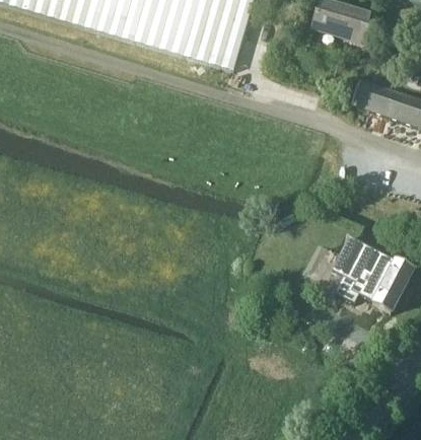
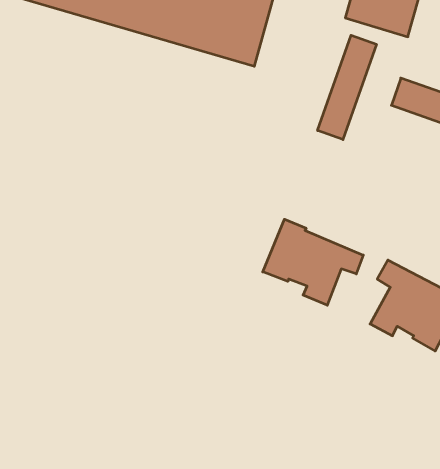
building: none -> [318,35,376,140]
building: none -> [263,219,363,305]

